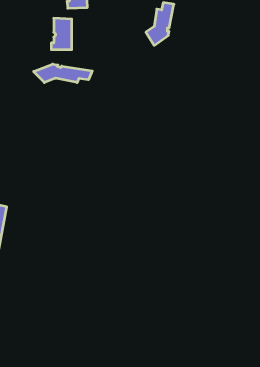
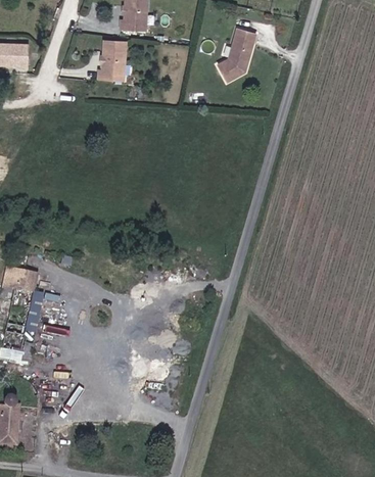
building: [34,64,92,83] -> none

